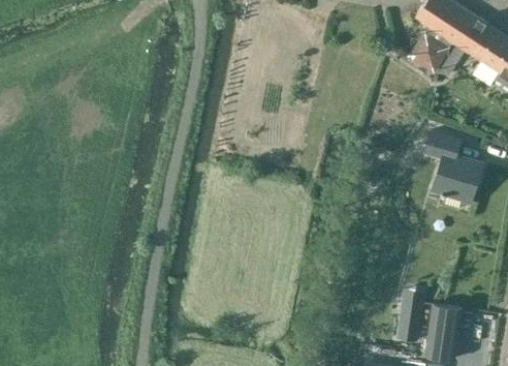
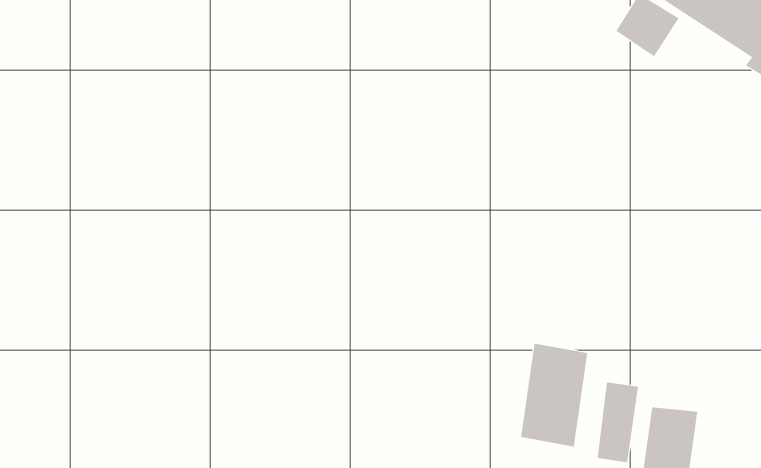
building: [424,131,483,202] -> none
building: none -> [521,343,588,447]

